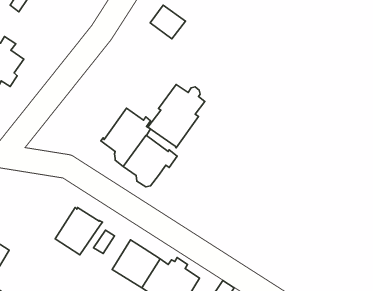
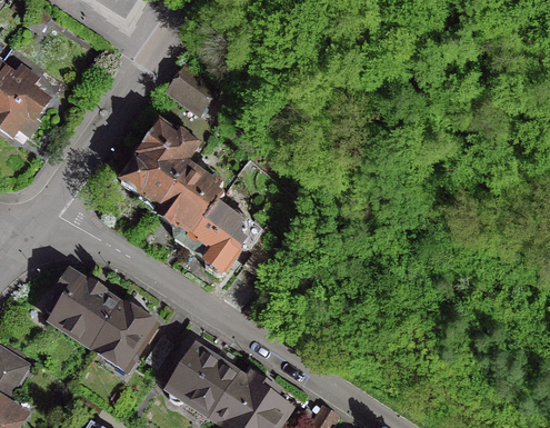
building: [150,5,186,39] -> [168,64,217,111]
building: [148,84,205,148] -> [119,120,198,208]
building: none -> [50,271,118,346]

